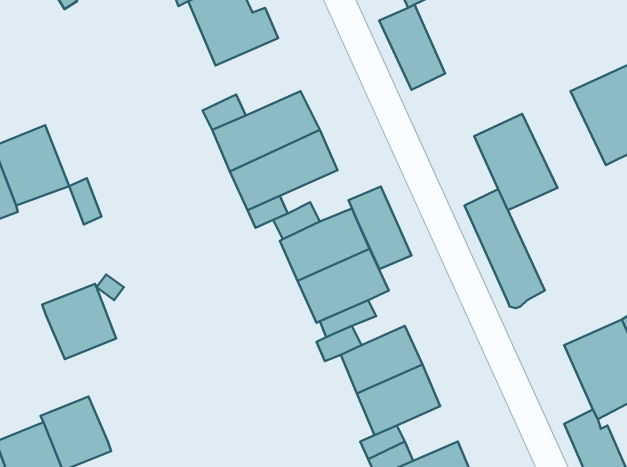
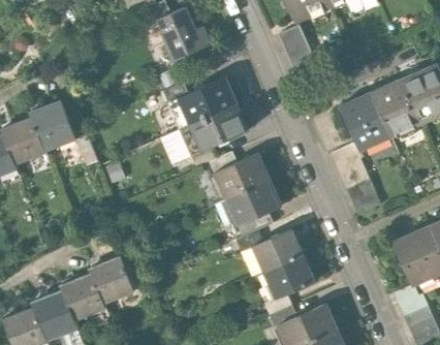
building: none -> [368,79,421,140]
building: [349,187,411,269] -> none
building: [42,284,116,359] -> [87,255,134,304]

